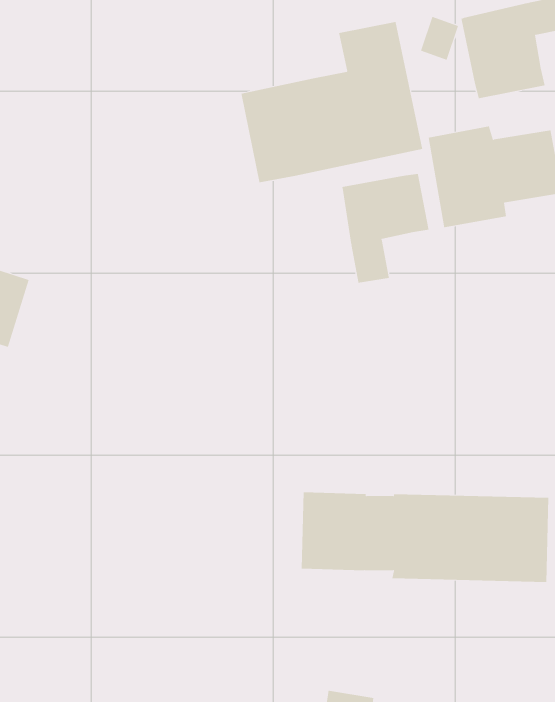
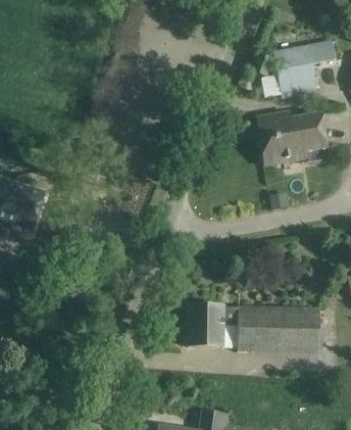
building: [241,21,423,183] -> none
building: [341,173,429,284] -> none

